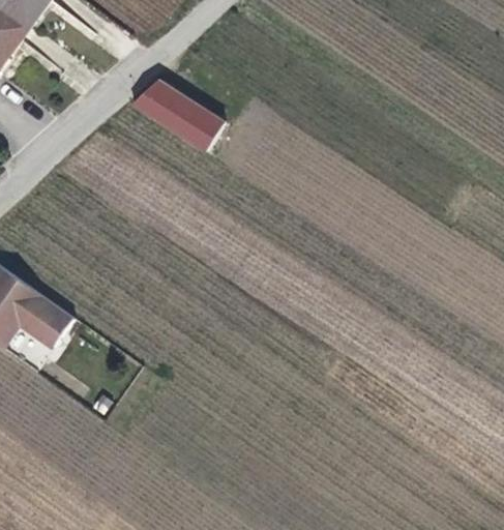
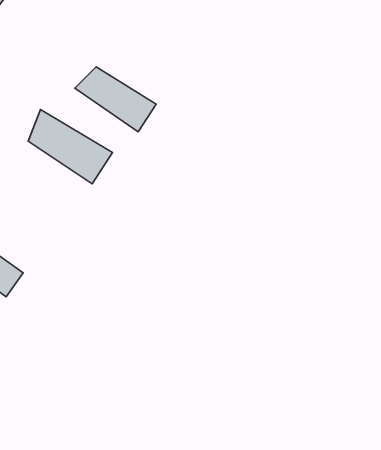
building: none -> [28,109,112,184]

